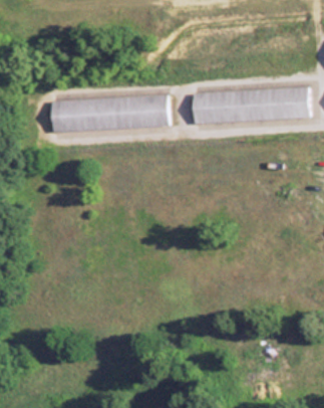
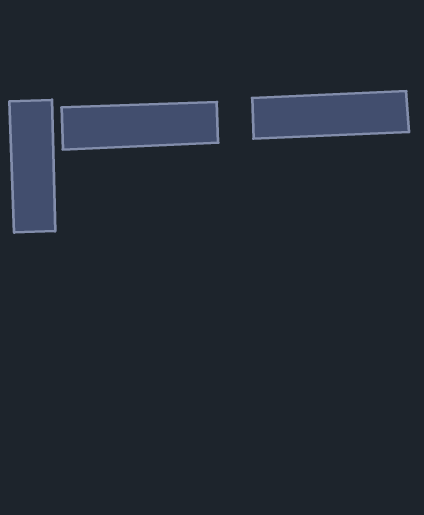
building: none -> [10,100,55,233]

